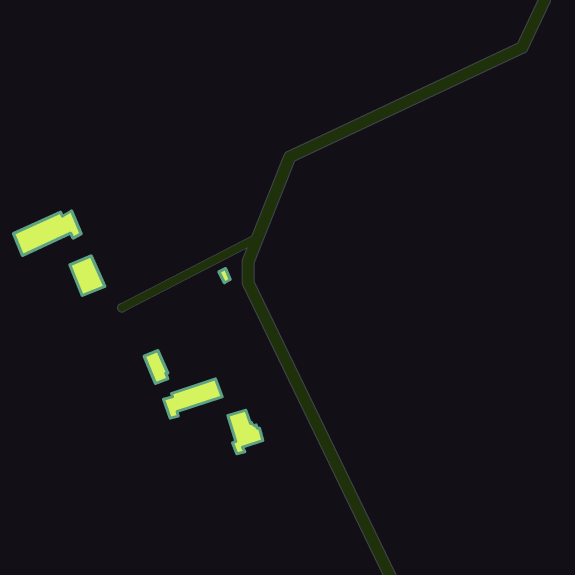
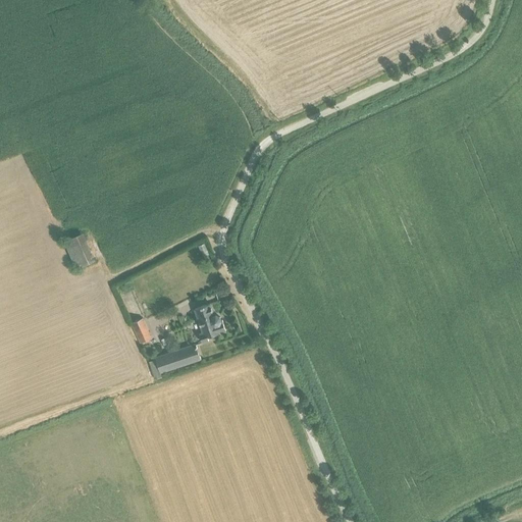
building: [14,211,81,255] -> none
building: [228,410,263,454] -> [194,304,225,344]

